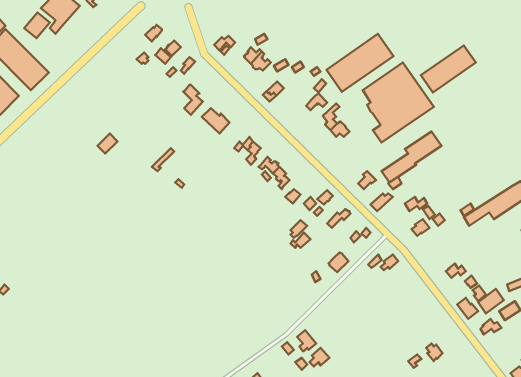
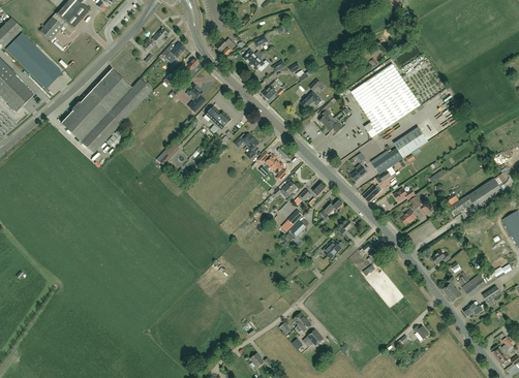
building: [326,34,393,92] -> none
building: [421,45,476,92] -> none
building: none -> [61,68,152,153]

